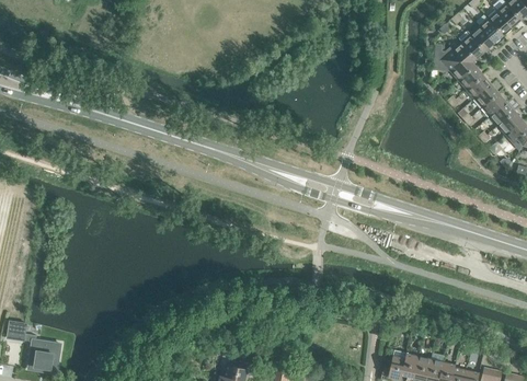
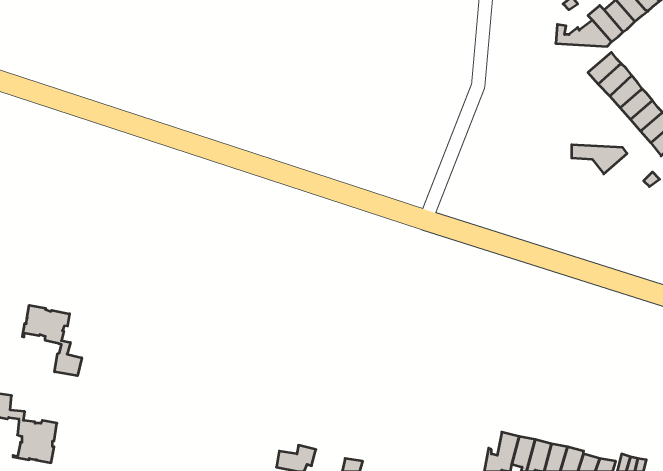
building: [434,59,476,81] -> [572,145,627,174]
building: none -> [22,305,82,376]

